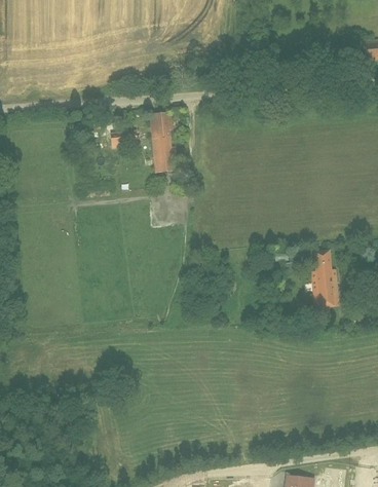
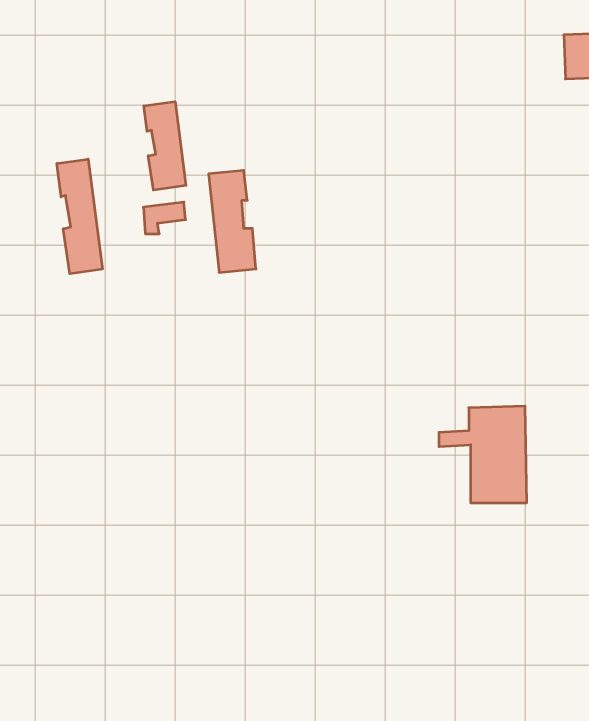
building: none -> [144,102,186,190]
building: none -> [57,159,102,274]

